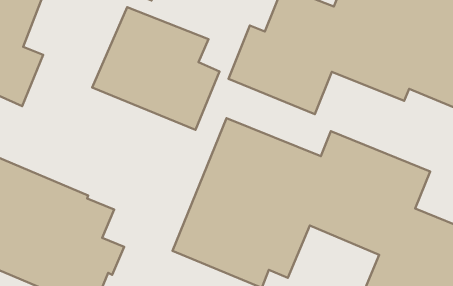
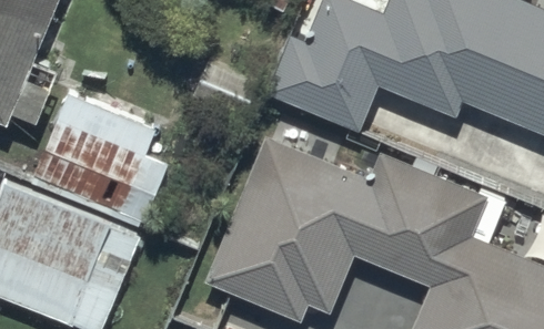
building: [92,7,219,130] -> [29,94,170,229]

